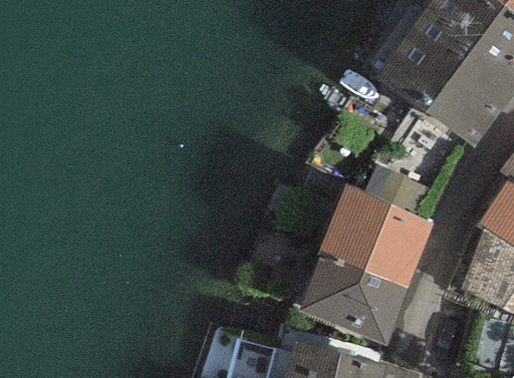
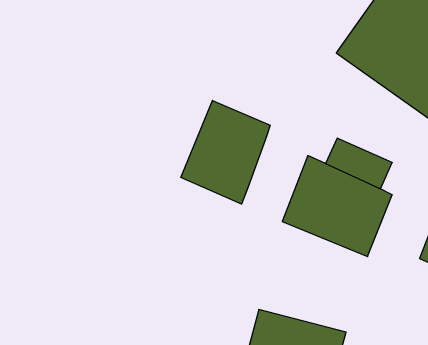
building: none -> [181,100,270,204]
building: [298,250,407,346] -> none

